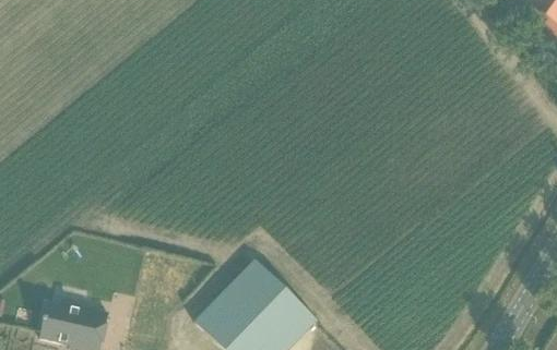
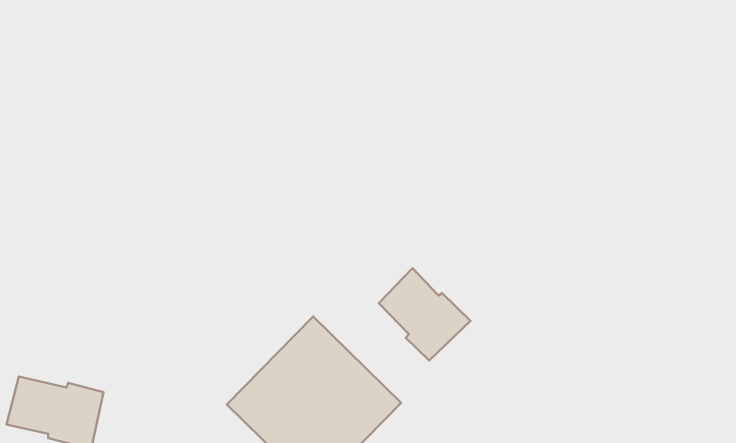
building: none -> [379,268,470,360]

